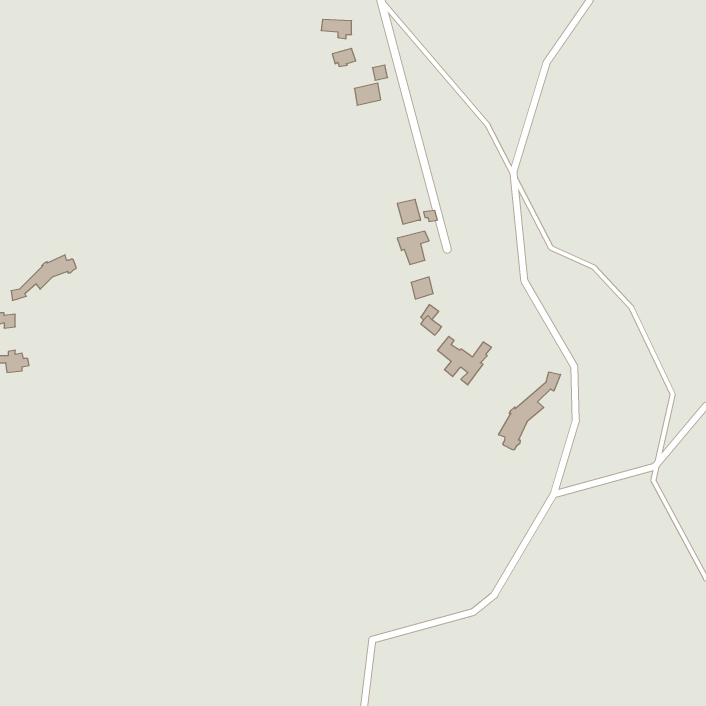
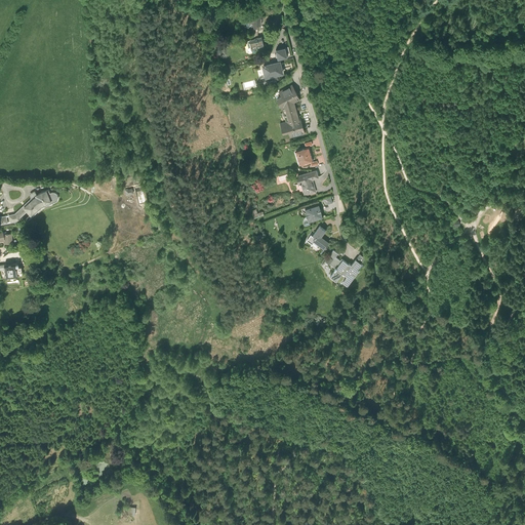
building: none -> [276,86,304,139]
building: [499,372,561,450] -> none

